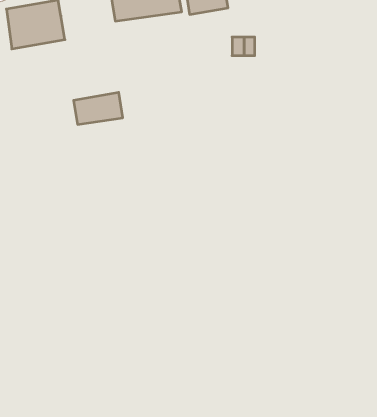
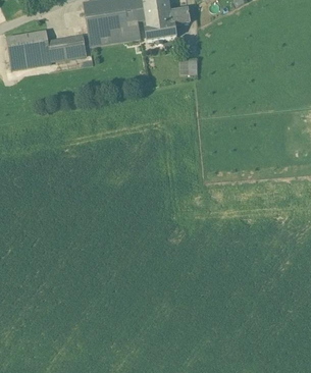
building: [74,92,123,124] -> [48,36,86,60]

